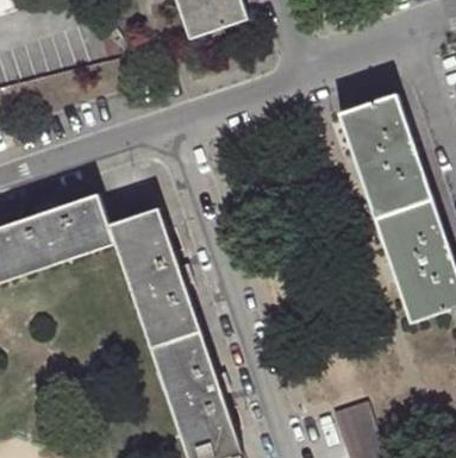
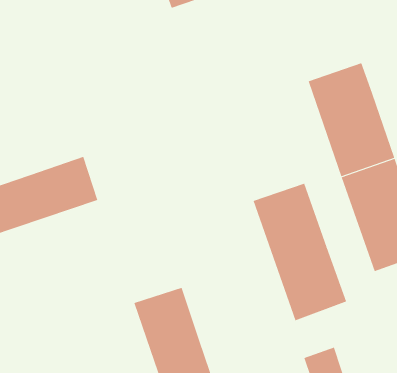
building: [107,208,202,353] -> none
building: none -> [253,183,347,321]

